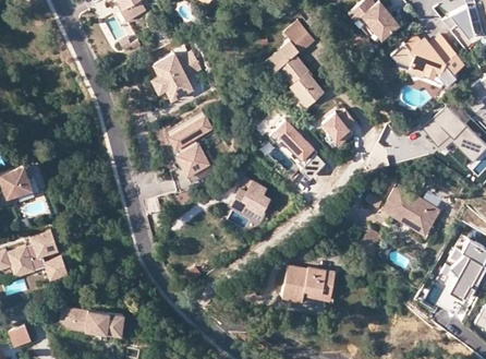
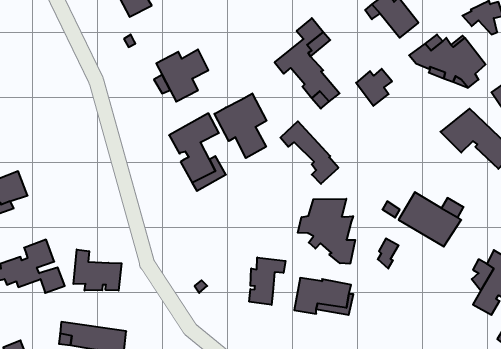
building: none -> [214,93,267,158]
building: [320,110,354,145] -> [356,69,392,106]
building: [229,177,270,215] -> none
building: none -> [298,199,355,264]
building: none -> [73,249,122,291]
building: none -> [249,257,286,305]

